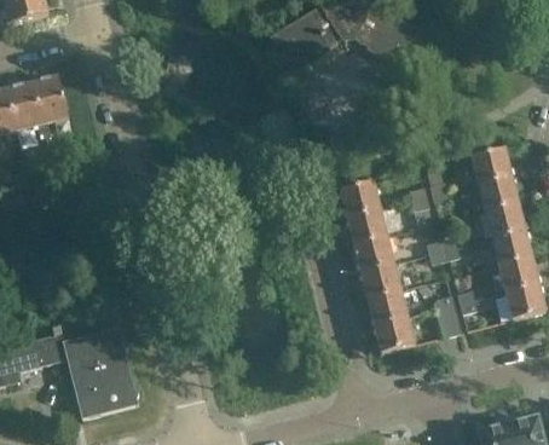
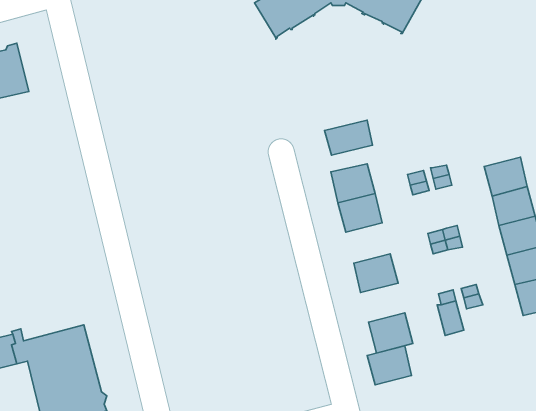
building: none -> [325,120,373,155]
building: [470,148,510,184] -> none
building: [353,235,393,271] -> none
building: [366,289,406,324] -> [367,346,412,385]

